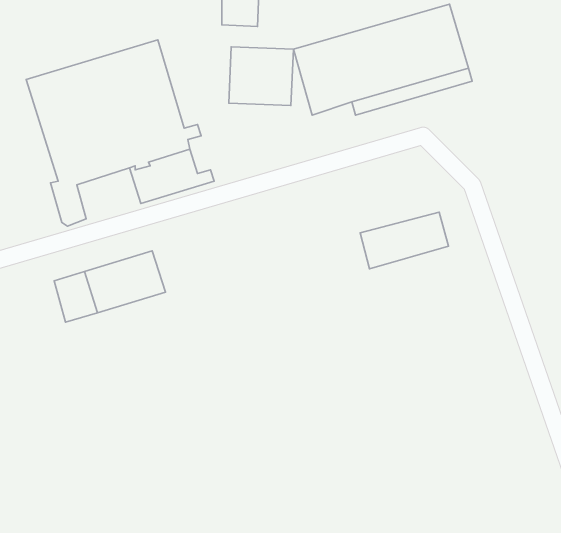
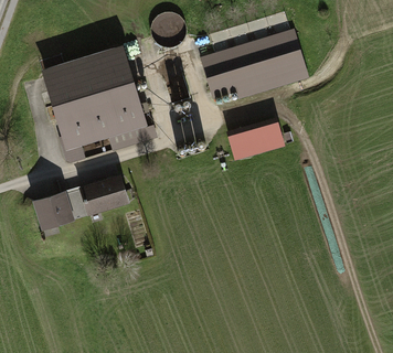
building: [229,47,293,105] -> none
building: [360,212,449,269] -> [229,121,280,154]
building: none -> [35,193,68,222]

